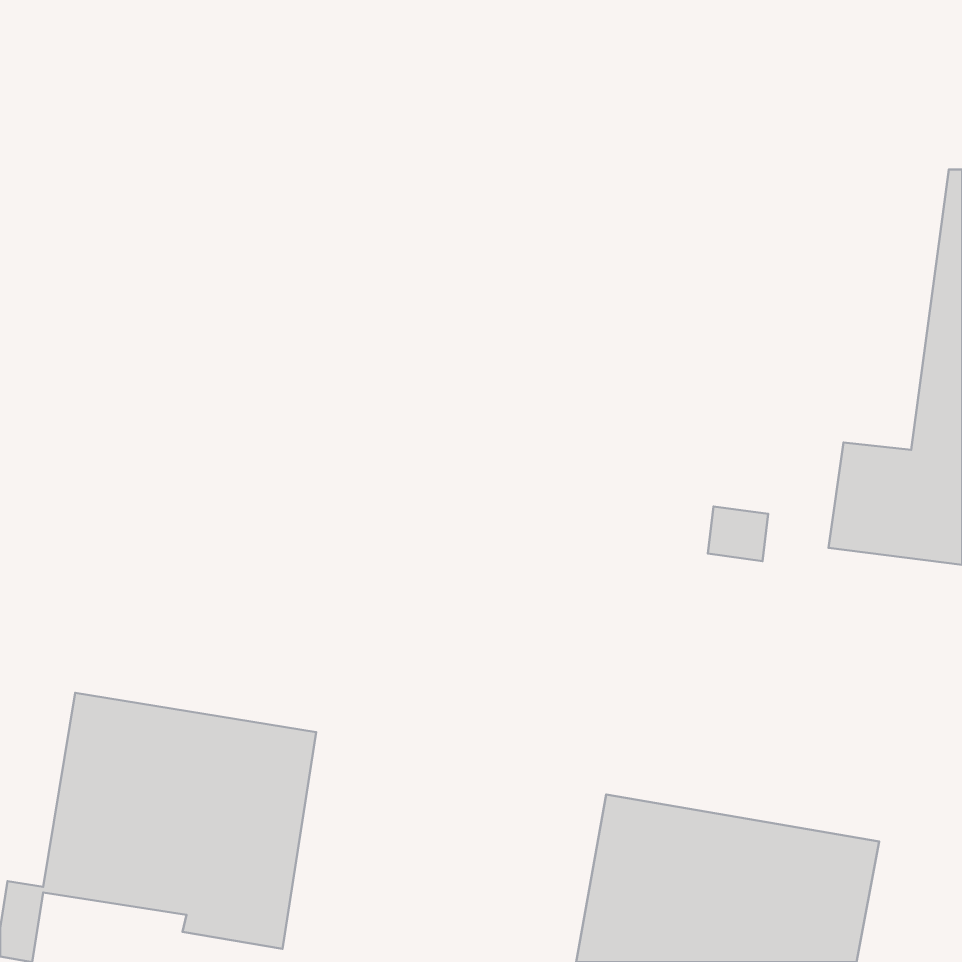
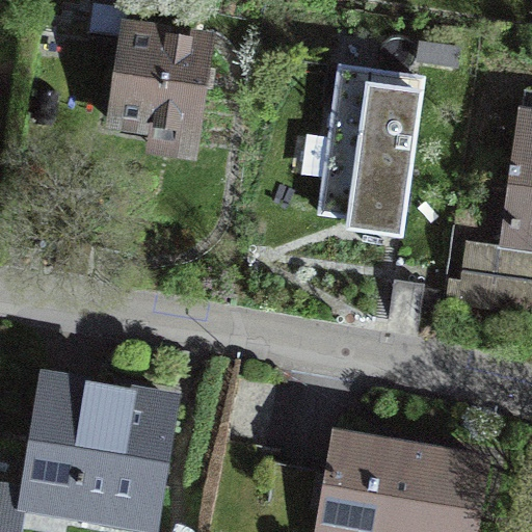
building: none -> [112,30,209,133]
building: none -> [320,70,422,236]

